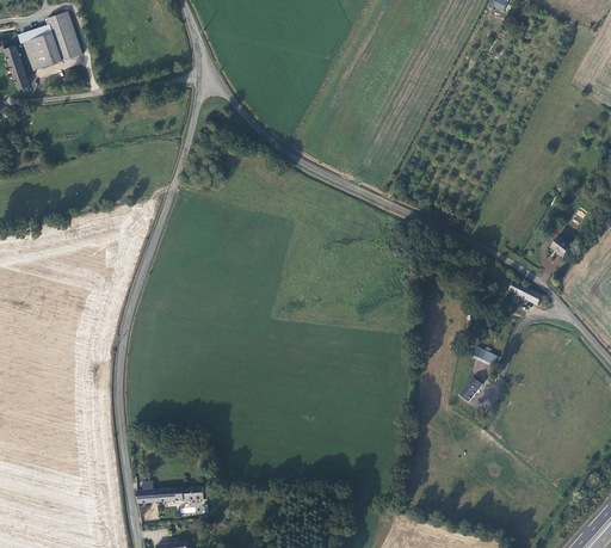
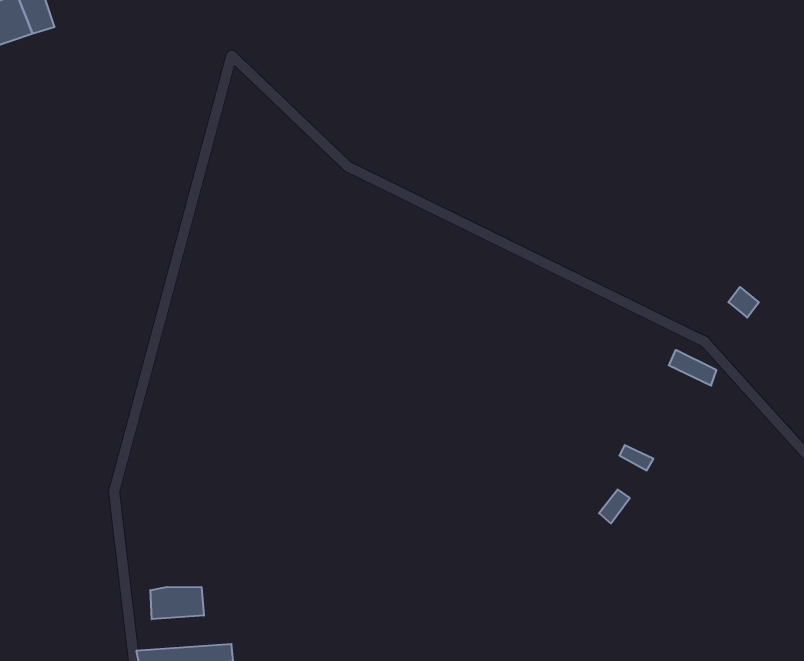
building: none -> [150,587,204,619]

